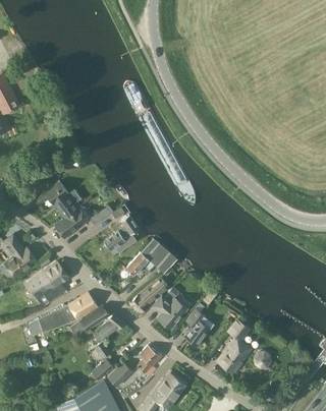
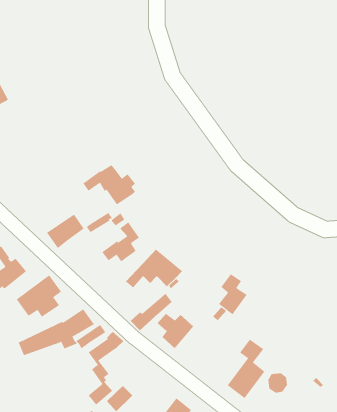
building: [34,181,82,218] -> [83,164,136,205]
building: [183,309,210,347] -> [218,273,247,315]
building: [138,346,162,376] -> none

